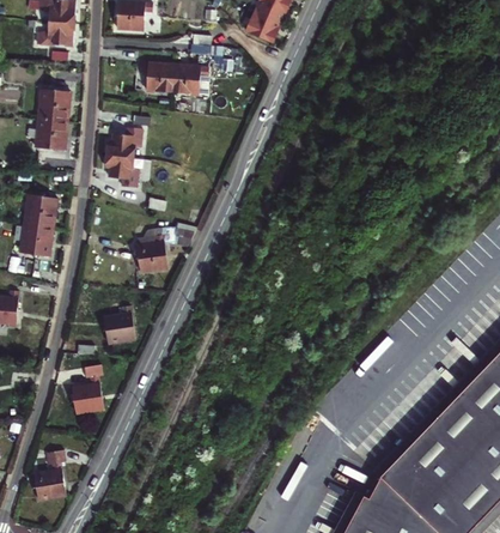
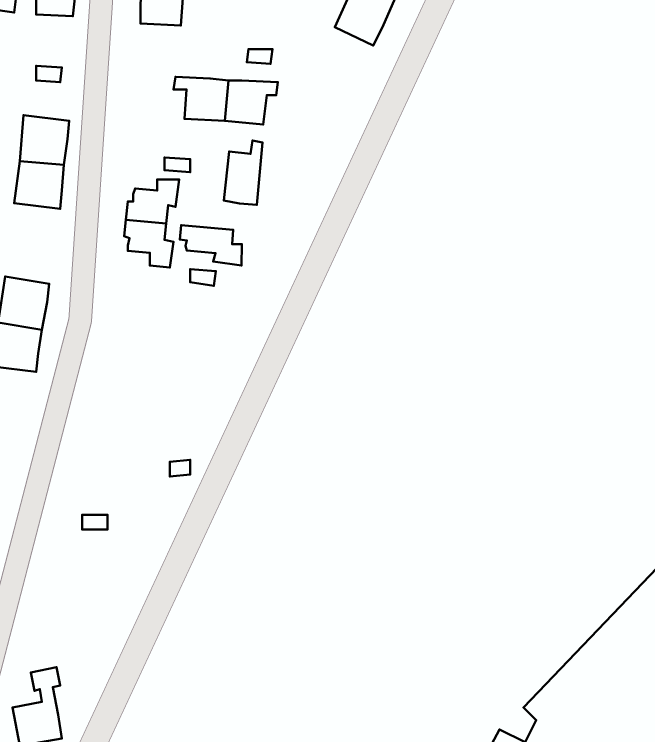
building: [38,23,74,46] -> none
building: none -> [224,141,262,205]
building: none -> [180,225,242,266]
building: [136,234,169,271] -> none
building: [104,305,136,344] -> none
building: [73,364,104,414] -> none

